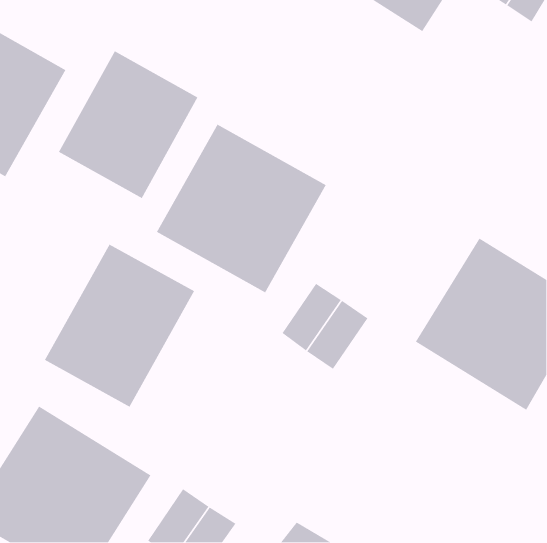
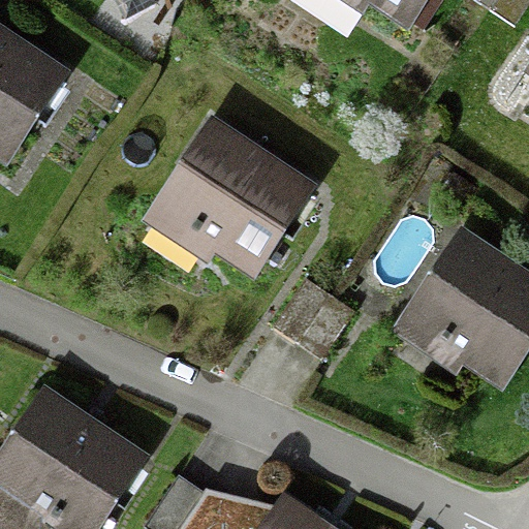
building: [58,50,199,199] -> none
building: [44,244,195,408] -> none

